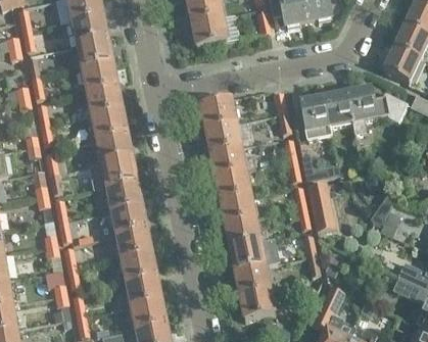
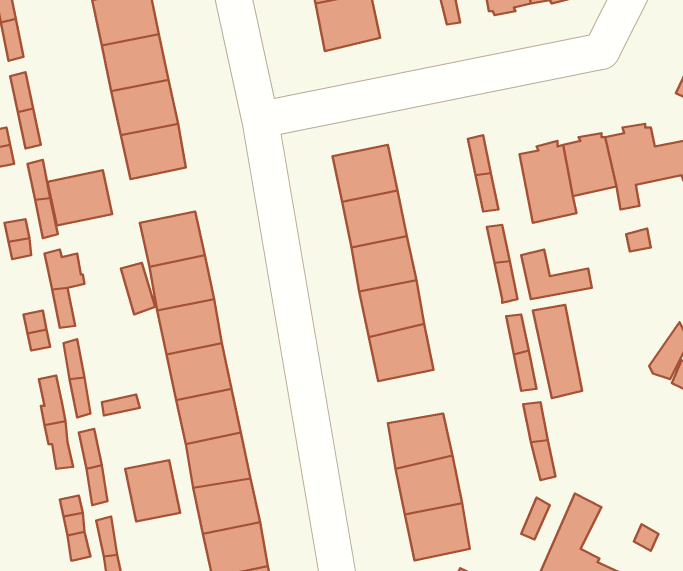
building: [92,108,127,138] -> [47,170,112,226]
building: [225,216,259,245] -> none
building: none -> [125,460,180,522]

